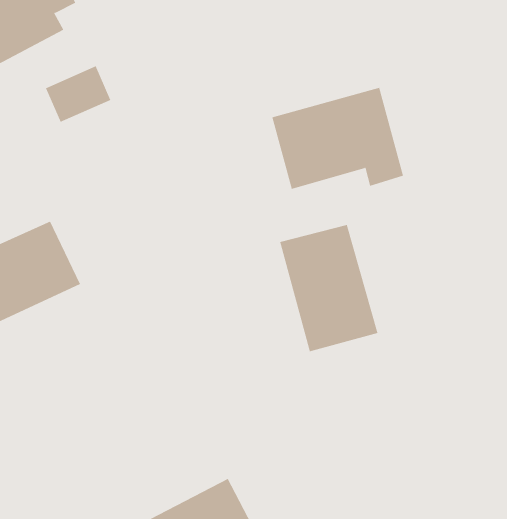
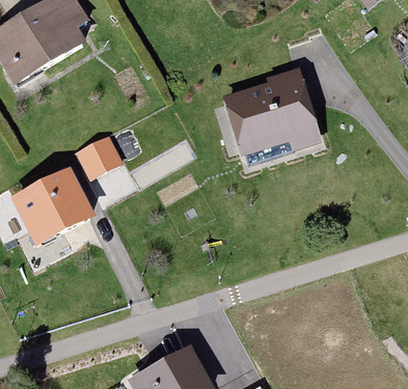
building: [45,65,111,123] -> [76,135,121,174]
building: [280,224,378,352] -> none

